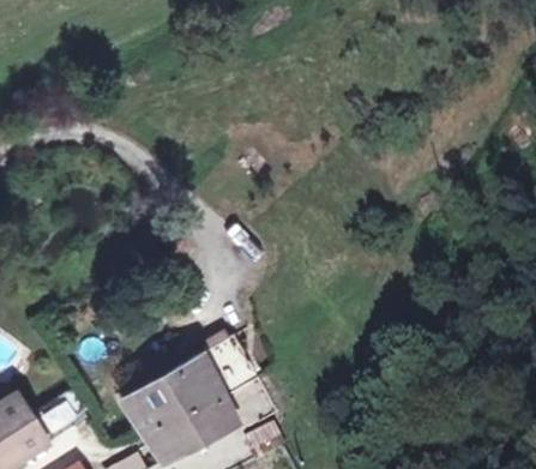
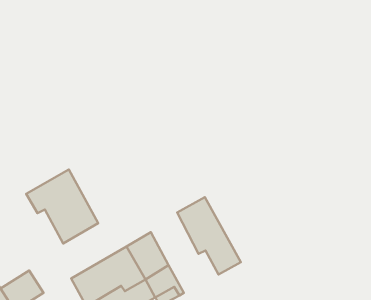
building: none -> [26,170,98,244]
building: none -> [177,197,241,274]

